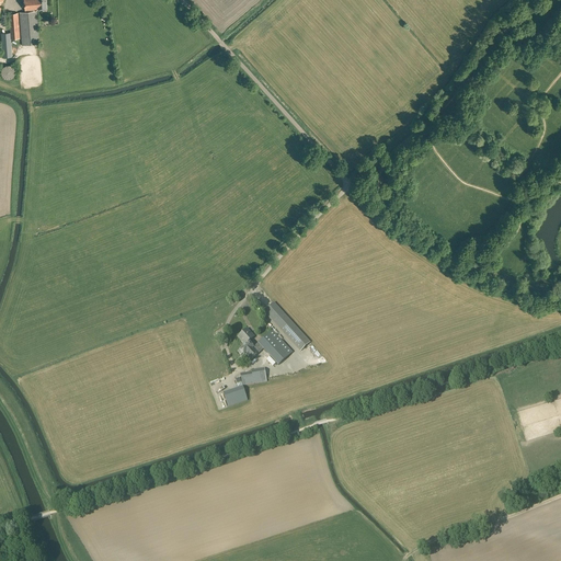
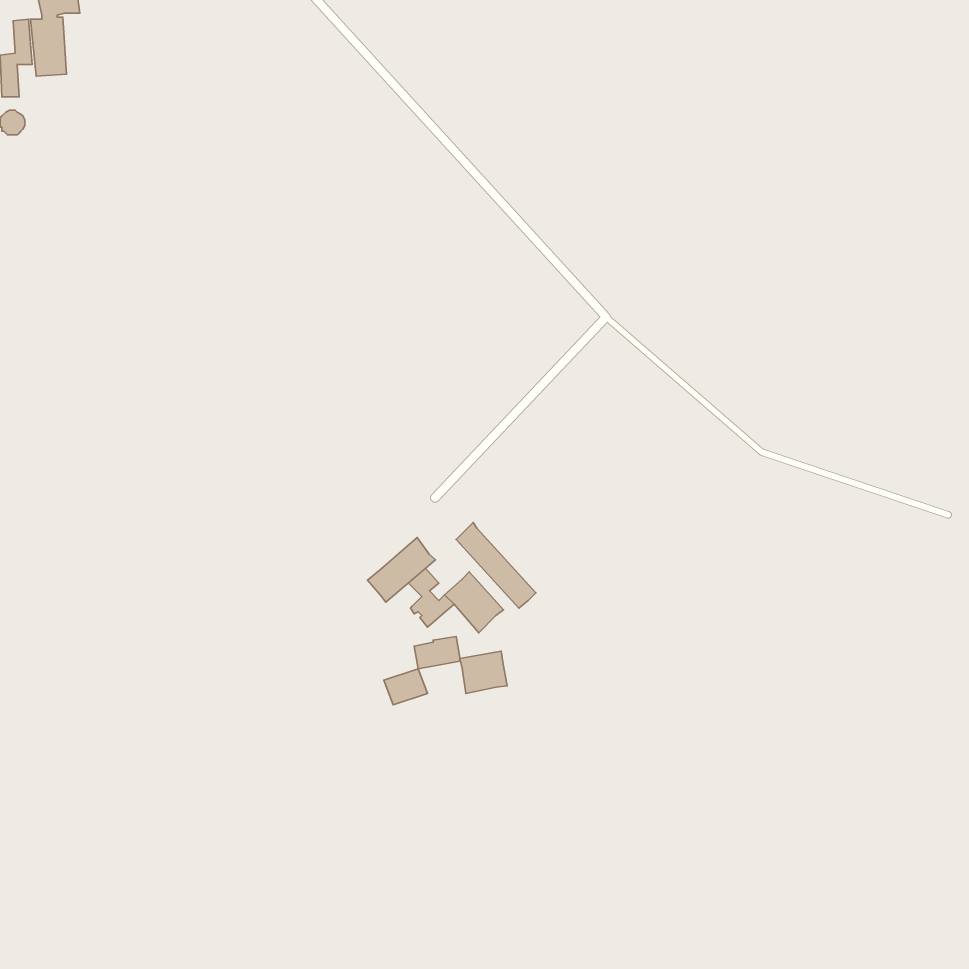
building: none -> [367,537,435,602]
building: none -> [460,651,507,694]

